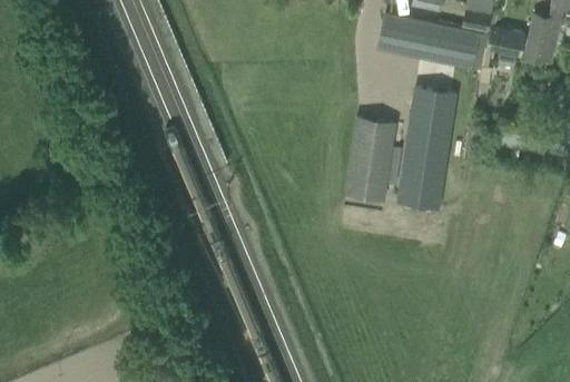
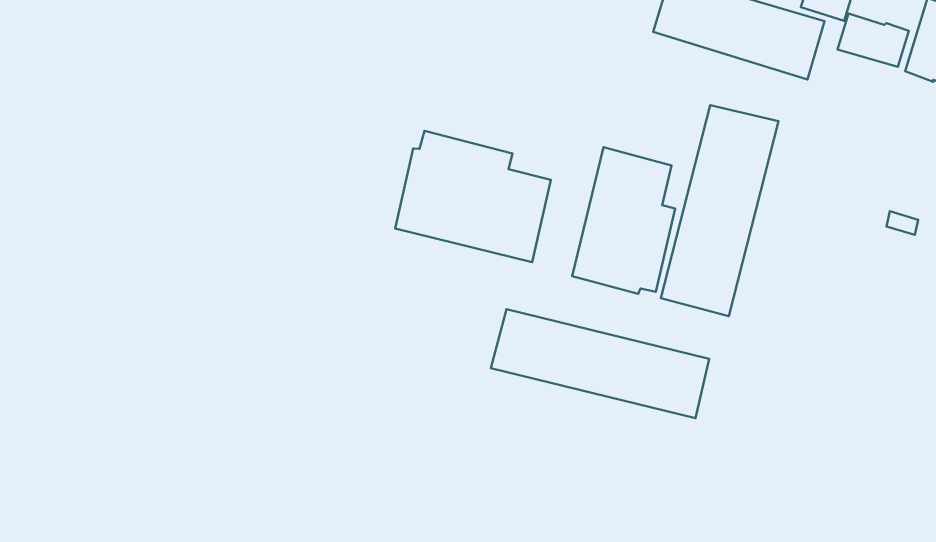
building: none -> [395,131,551,262]
building: none -> [491,309,709,418]

